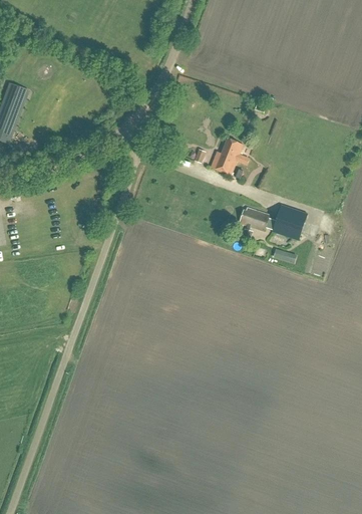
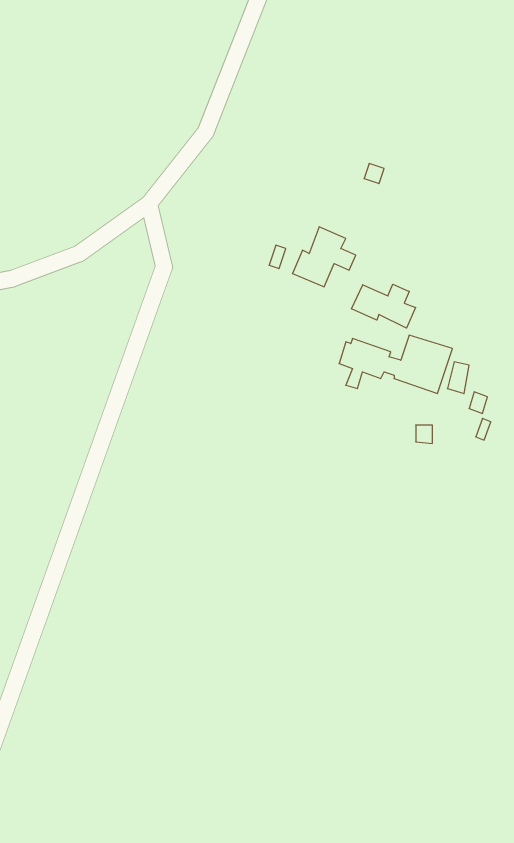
building: none -> [352,284,416,328]

